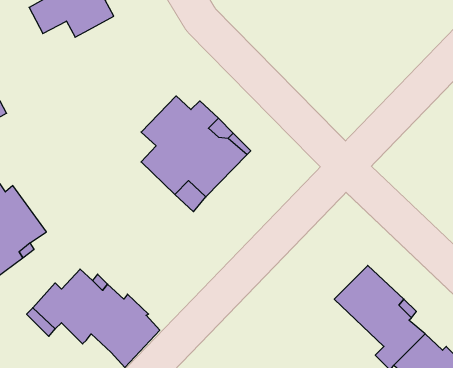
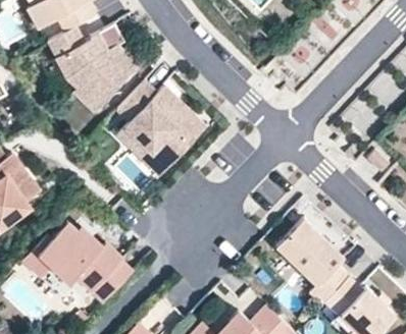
building: none -> [46,25,137,114]

